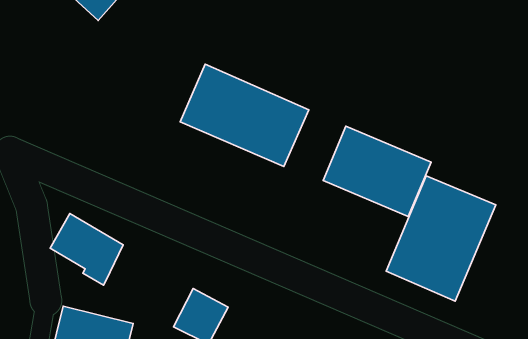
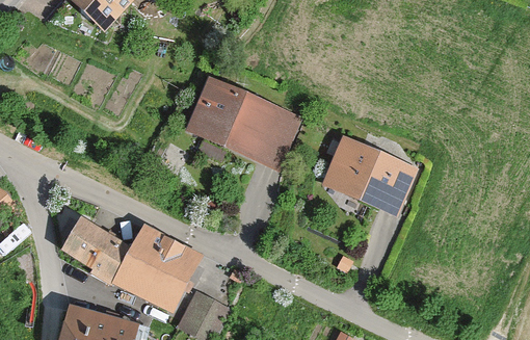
building: [386,176,496,301] -> none
building: none -> [111,220,201,312]

